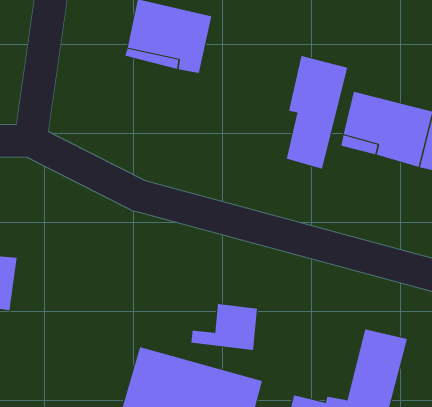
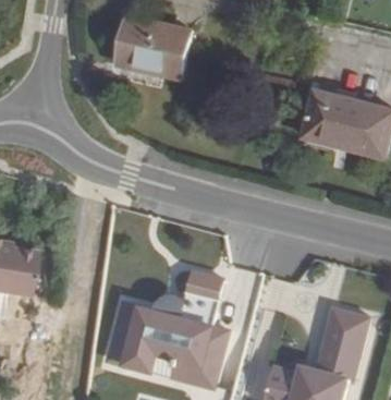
building: [286,55,348,169] -> none

